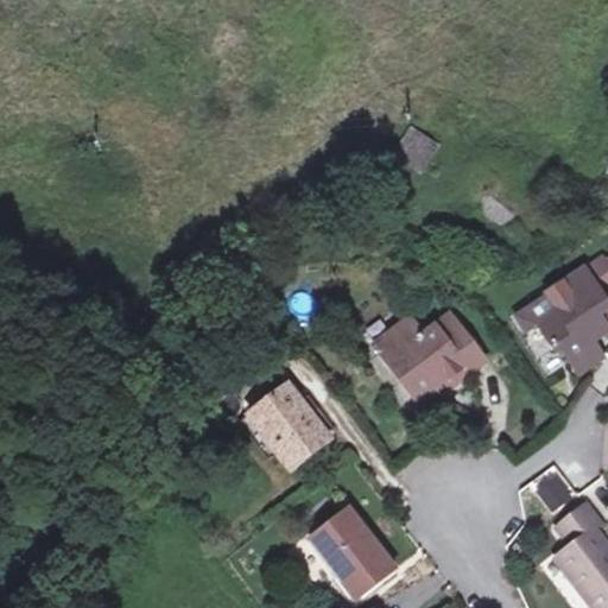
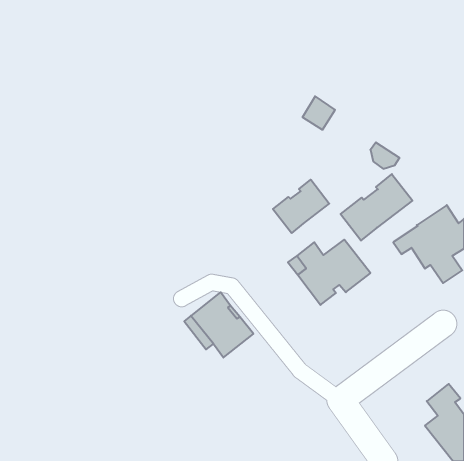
building: none -> [341,174,412,241]
building: none -> [273,180,329,233]
building: [310,507,397,597] -> none

